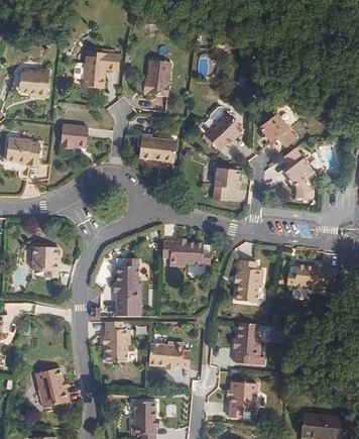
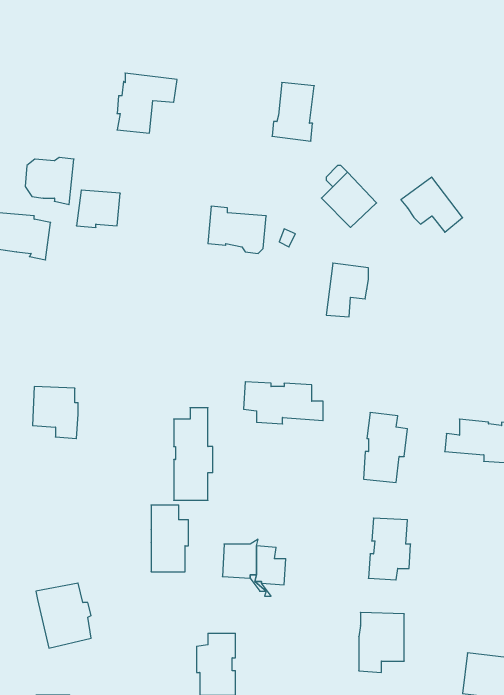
building: [143,60,169,96] -> [272,83,314,141]
building: [16,68,46,97] -> [25,157,74,205]
building: [284,149,315,190] -> none

